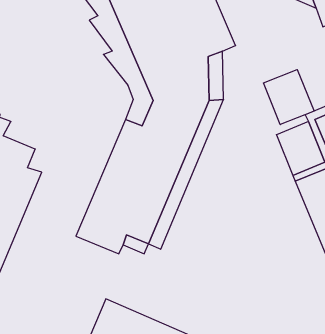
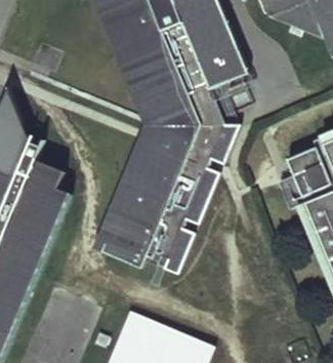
building: [263,70,314,125] -> none

